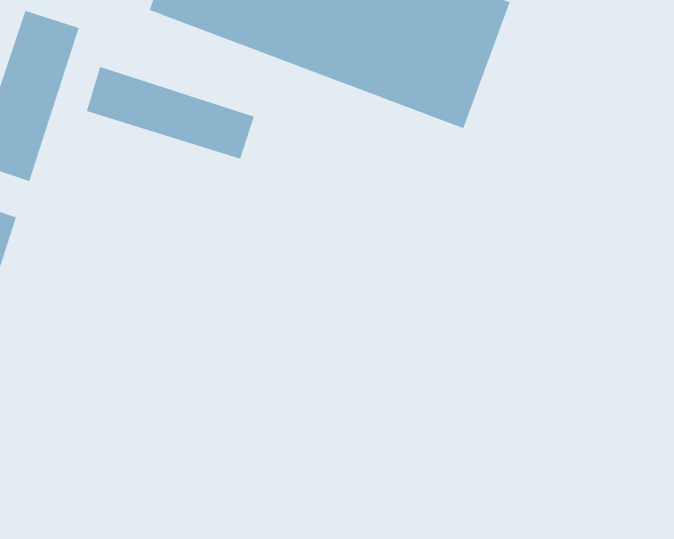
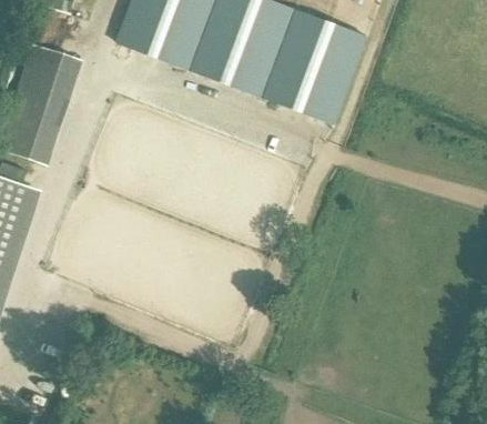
building: [86,66,254,160] -> none

